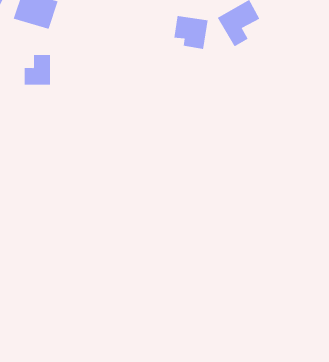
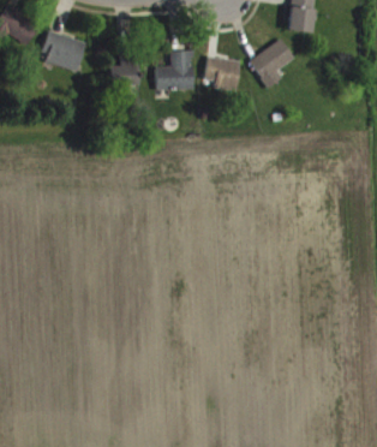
building: none -> [155,50,193,90]
building: [24,55,51,85] -> [108,53,136,84]

